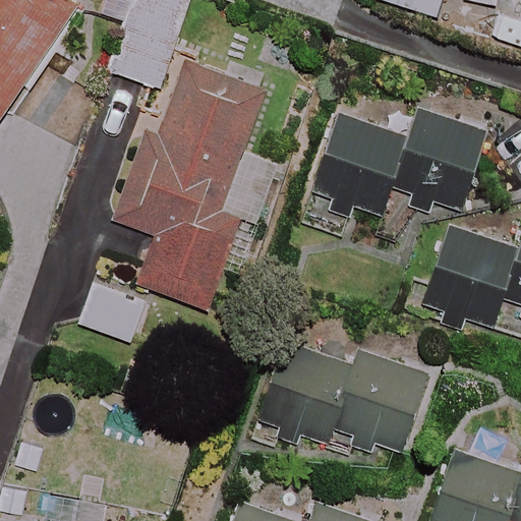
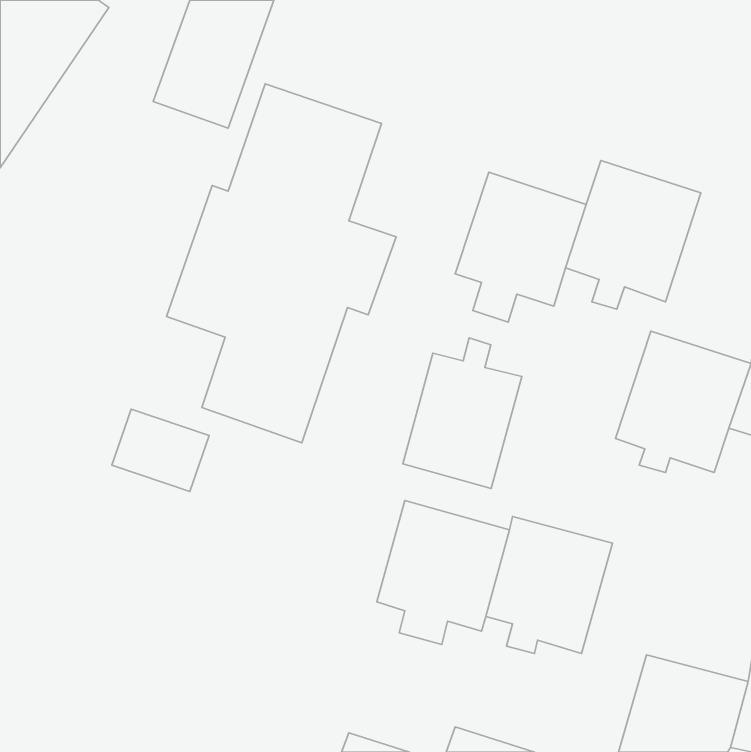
building: none -> [403,338,522,488]

